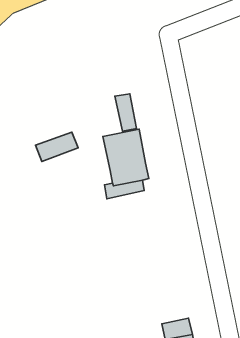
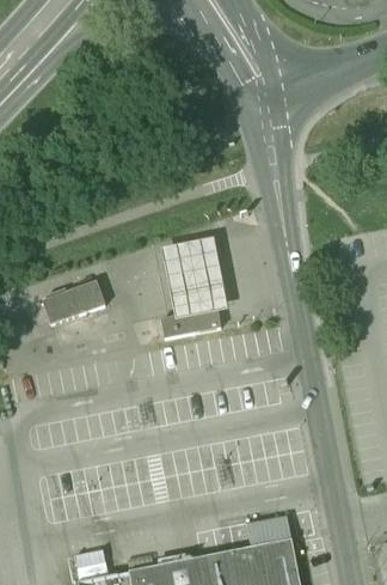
building: [115,94,137,131] -> none
building: [35,132,78,161] -> [42,282,105,325]

